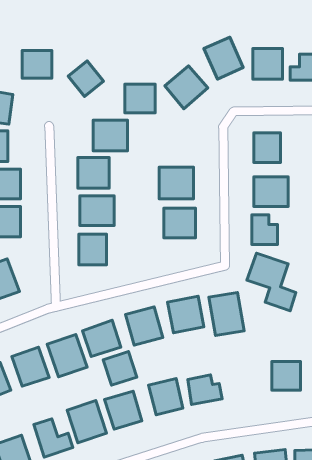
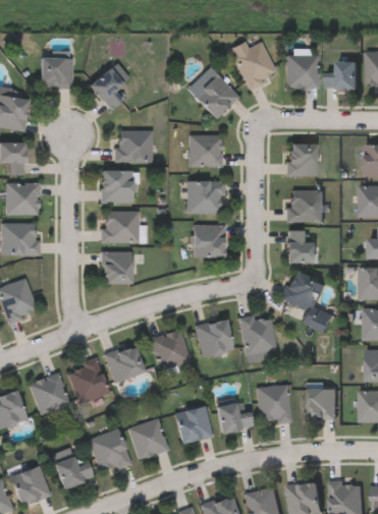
building: [125,84,155,113] -> [188,135,221,166]
building: [103,352,137,385] -> none
building: none -> [257,385,290,422]

